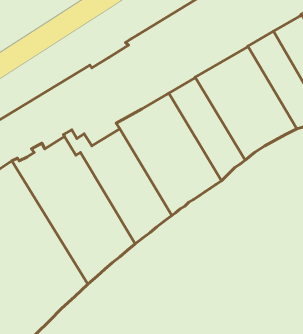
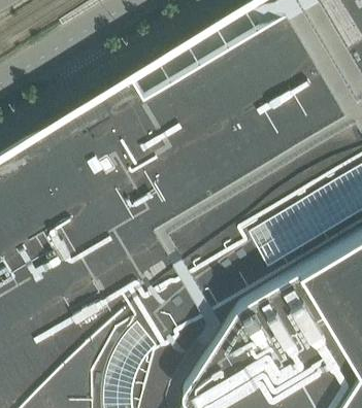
building: none -> [154,117,269,251]

